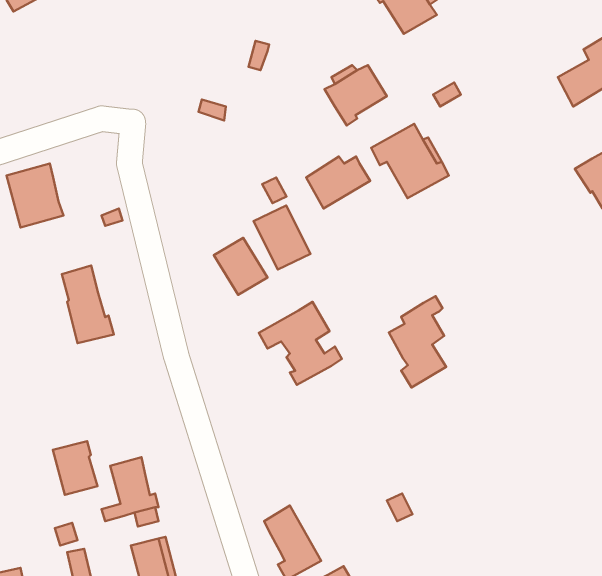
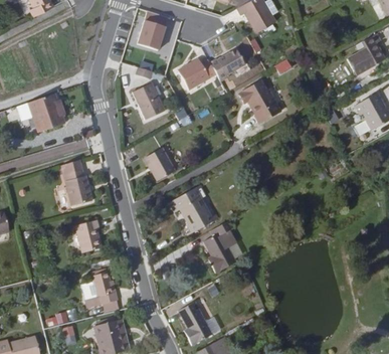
building: none -> [138,21,165,50]
building: [306,157,370,208] -> [180,57,217,87]
building: [253,206,311,269] -> [135,84,168,122]
building: [389,296,446,388] -> [208,220,241,274]
building: [53,441,98,495] -> [72,225,99,256]

